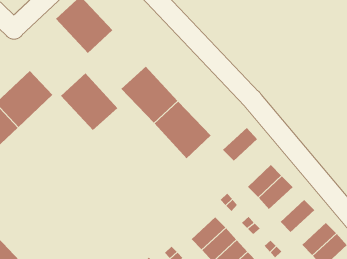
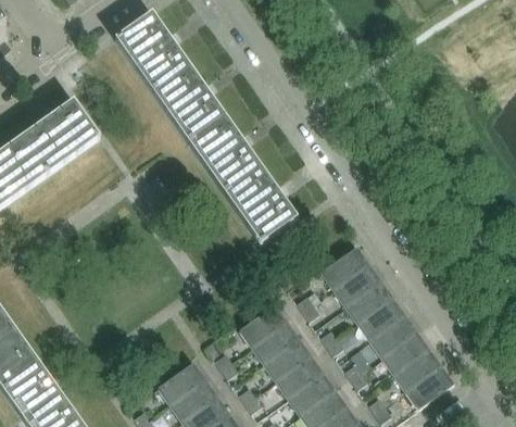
building: [60,72,118,131] -> [152,63,225,140]
building: [222,127,258,162] -> [322,248,369,290]
building: none -> [358,299,406,341]
building: none -> [240,305,288,348]
building: none -> [382,332,430,375]

